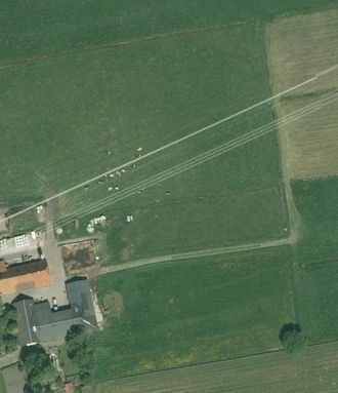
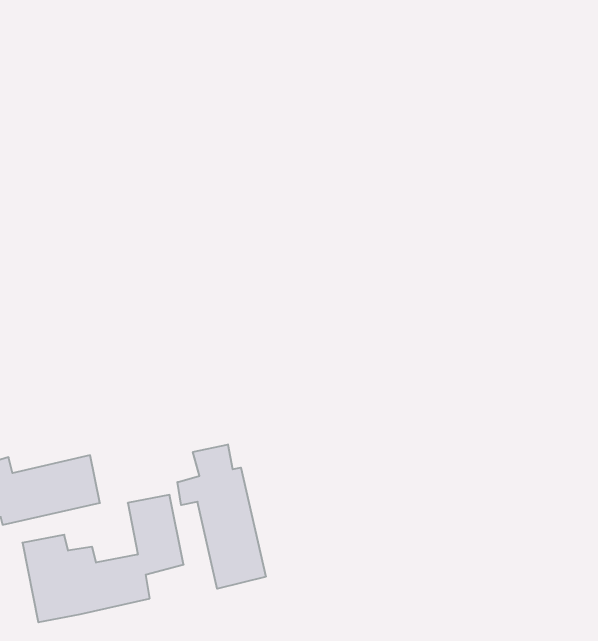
building: none -> [177,444,266,589]

